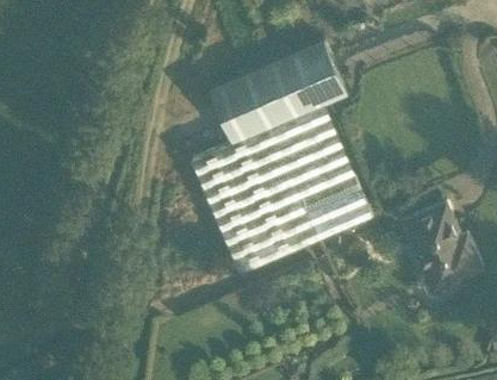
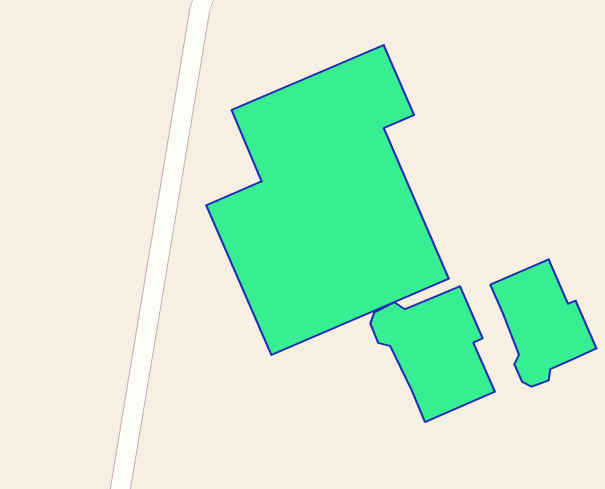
building: none -> [370,286,495,422]

